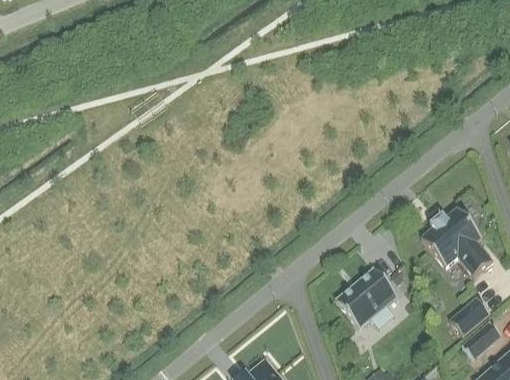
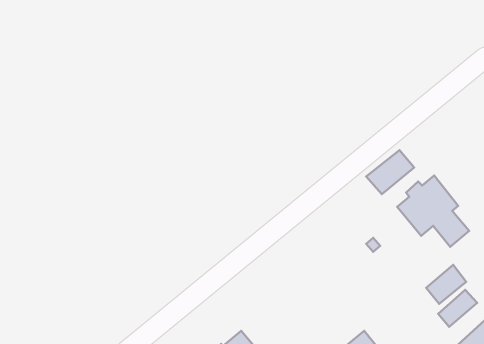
building: none -> [366,150,414,194]
building: [337,269,398,327] -> none

